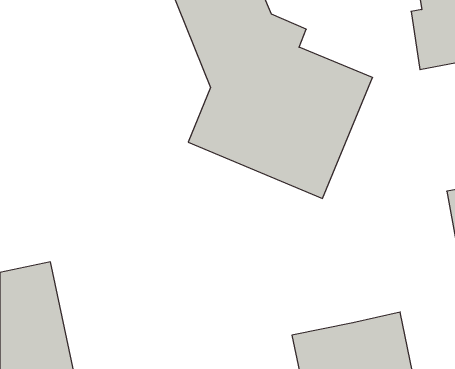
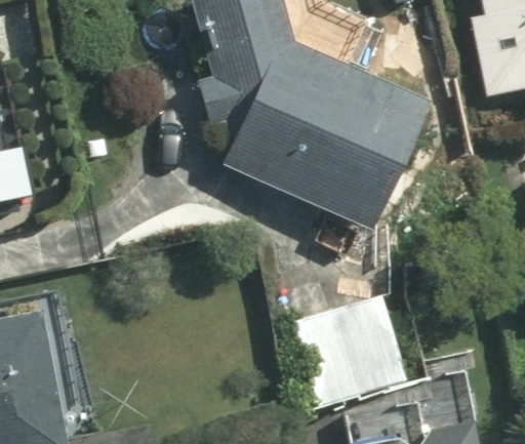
building: none -> [278,293,406,403]

